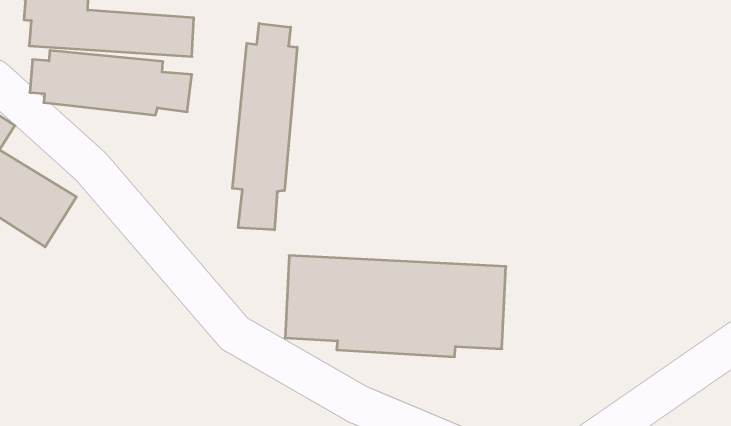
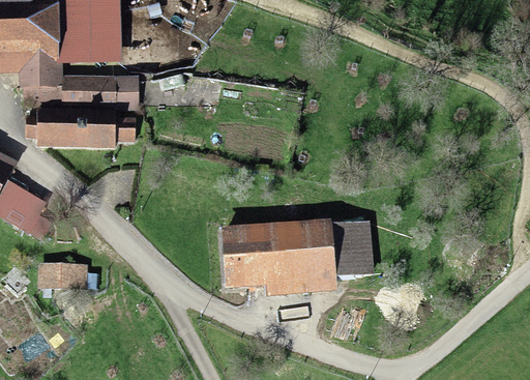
building: [232,23,297,230] -> none
building: none -> [37,260,87,288]

